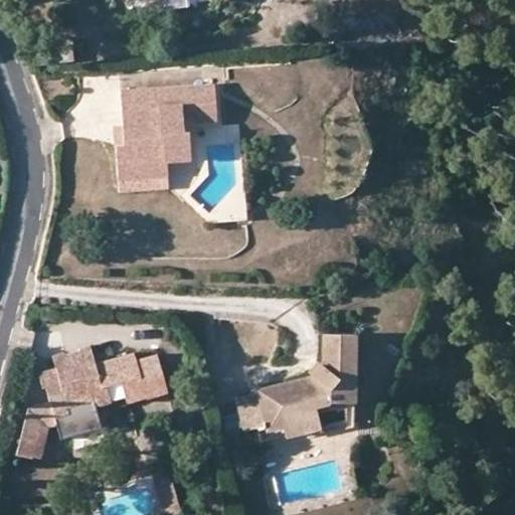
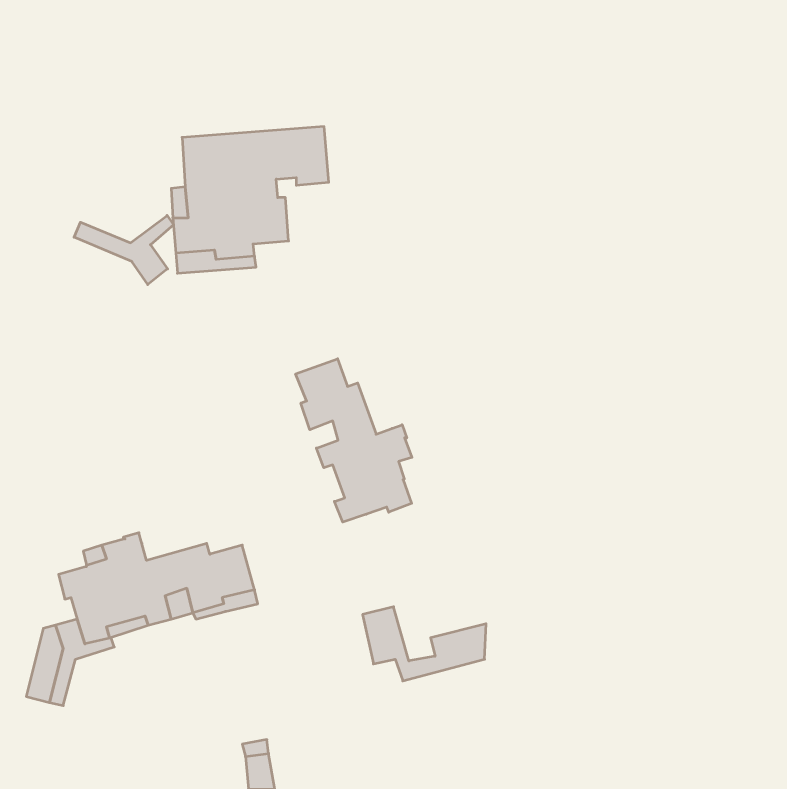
building: none -> [74,215,173,285]
building: none -> [296,359,412,522]
building: [258,335,357,431] -> none

